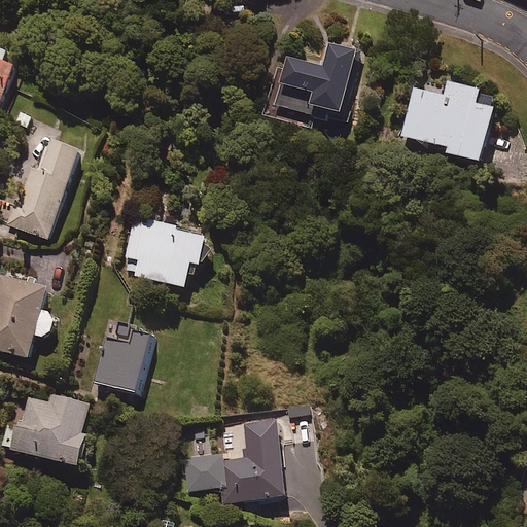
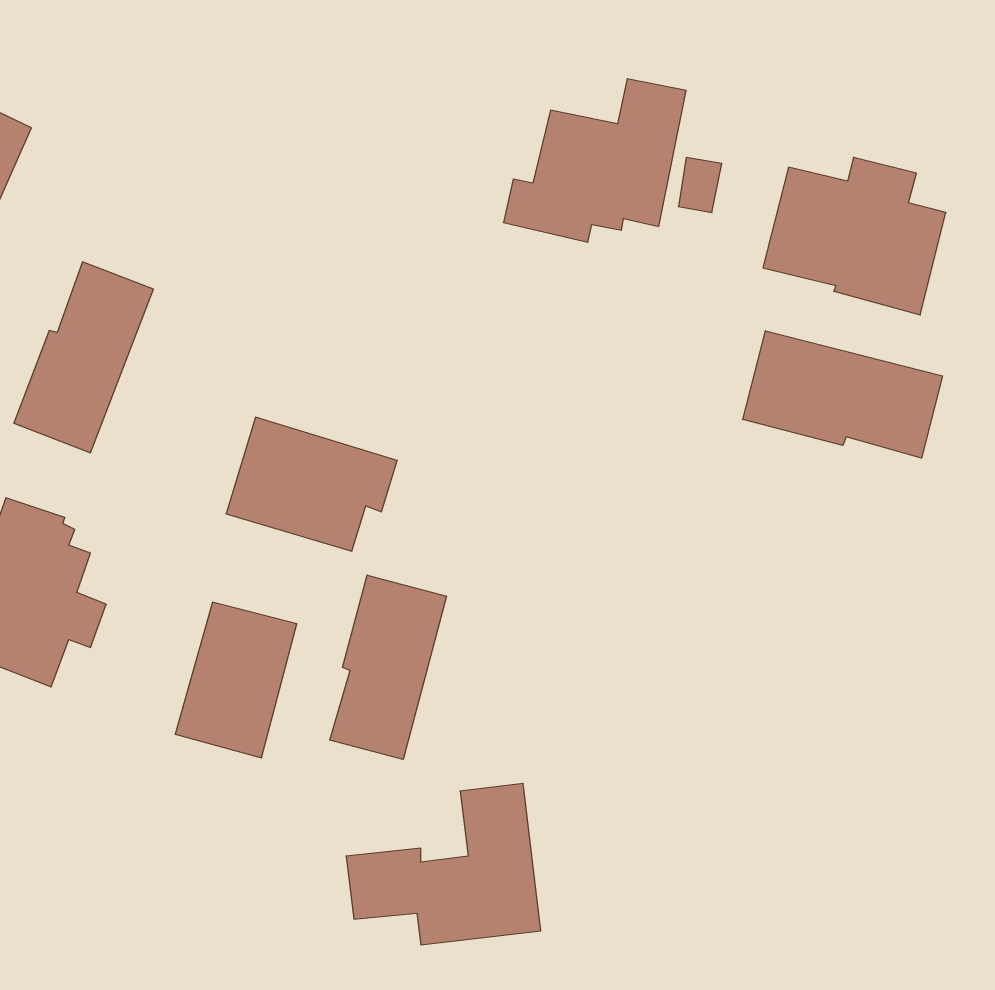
building: none -> [743,331,942,458]
building: none -> [330,575,446,759]
building: [10,393,90,468] -> none

